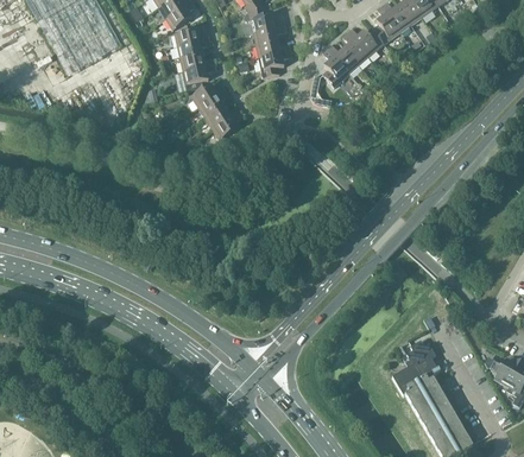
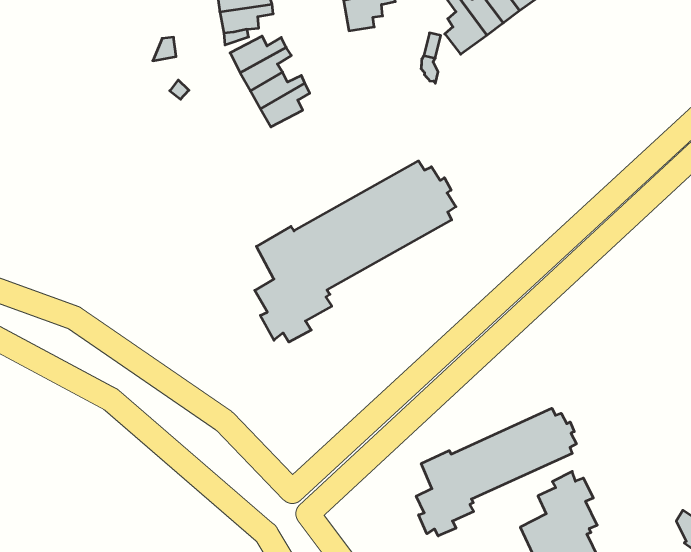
building: none -> [255,161,456,342]
building: none -> [416,408,576,536]

